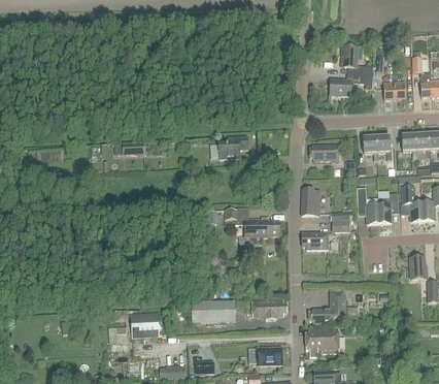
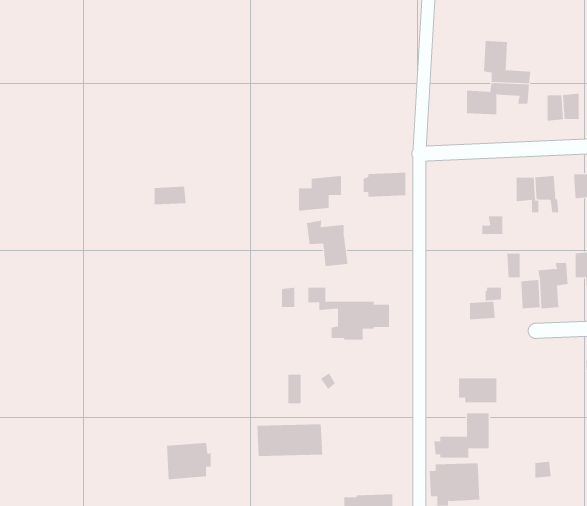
building: [309,142,338,159] -> [363,172,406,197]
building: none -> [307,220,348,267]
building: [302,187,319,214] -> none
building: [302,231,328,248] -> [458,378,497,403]
building: [251,298,288,319] -> none

